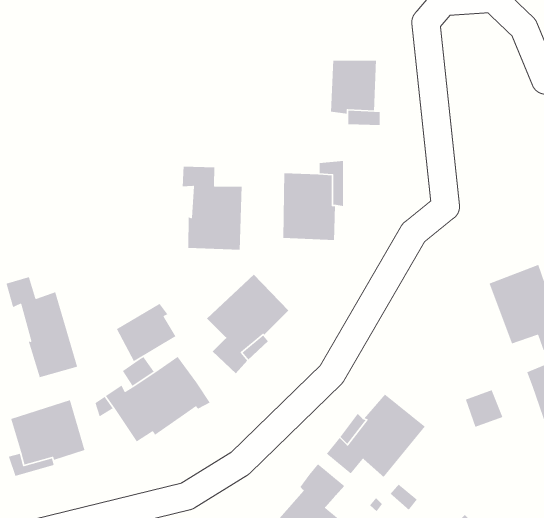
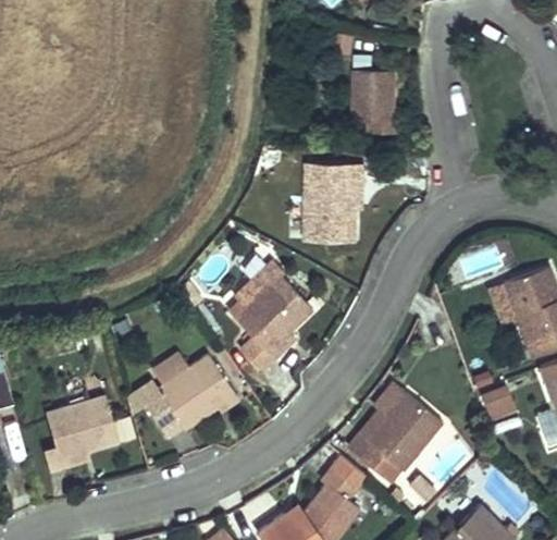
building: [182,166,242,251] -> none
building: [5,276,78,378] -> none
building: [116,303,176,362] -> none

